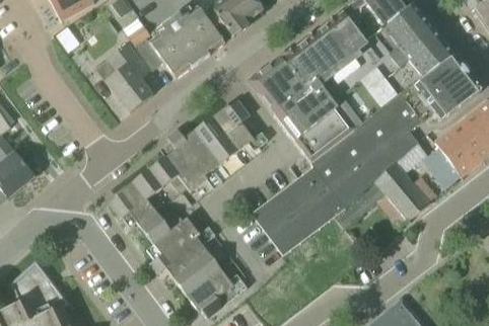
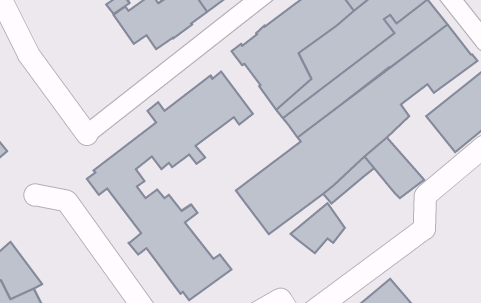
building: [96,43,154,112] -> none
building: none -> [291,203,345,253]

